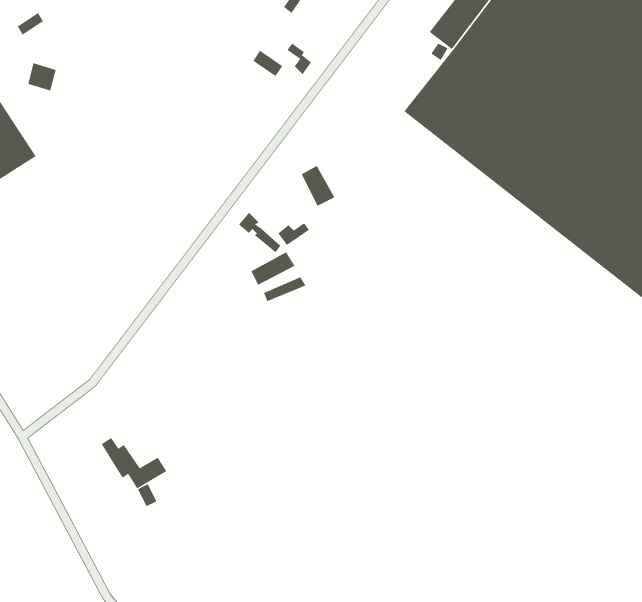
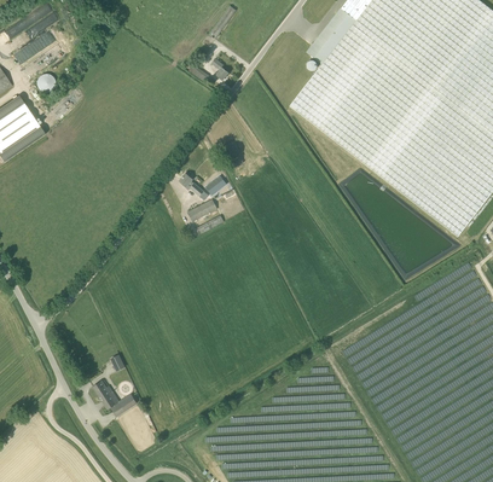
building: [101,437,167,489] -> [93,381,138,416]

